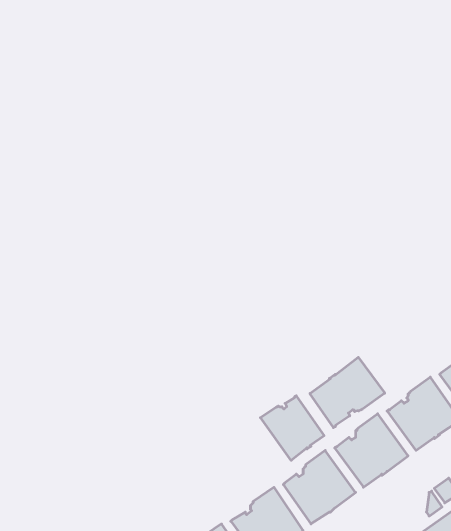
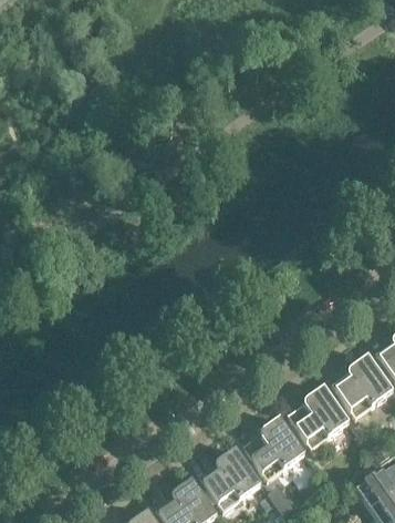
building: [310,357,385,428] -> none
building: [260,396,324,460] -> none

